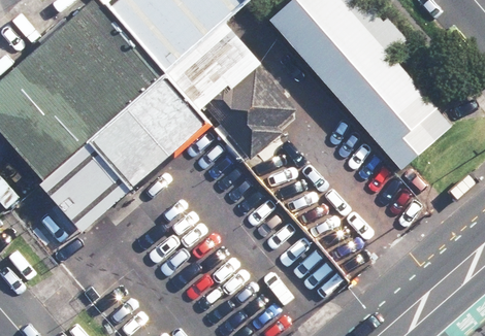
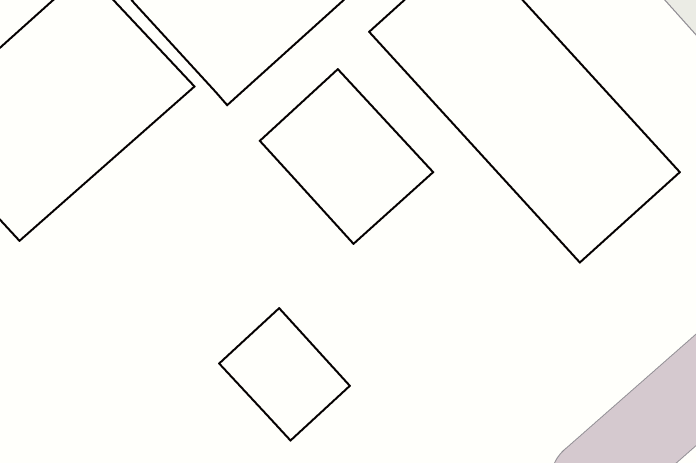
building: [34,76,200,234] -> none
building: none -> [219,308,350,440]

